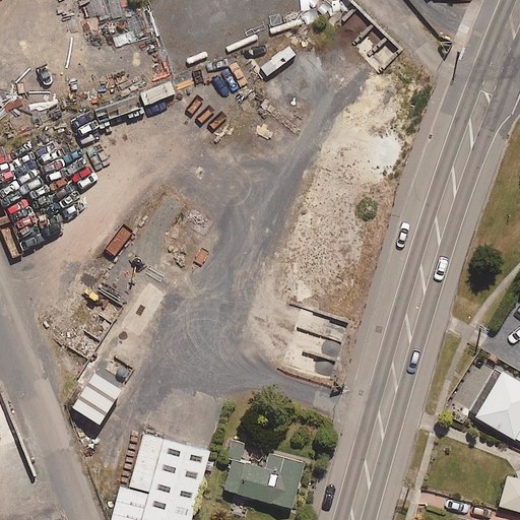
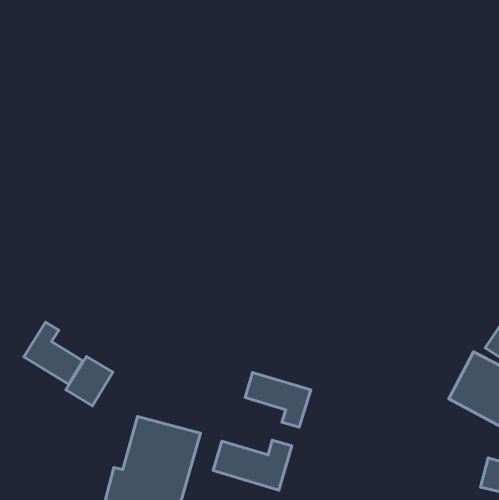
building: none -> [24,322,83,384]
building: none -> [245,373,311,427]

